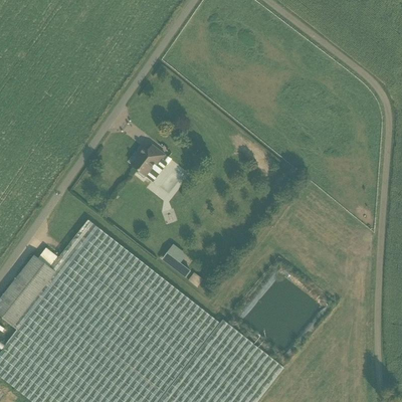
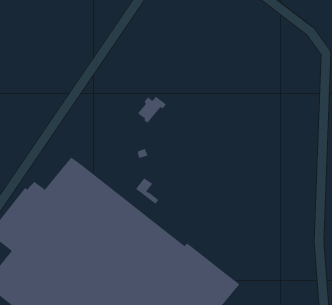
building: [131,146,165,178] -> [137,96,167,124]

